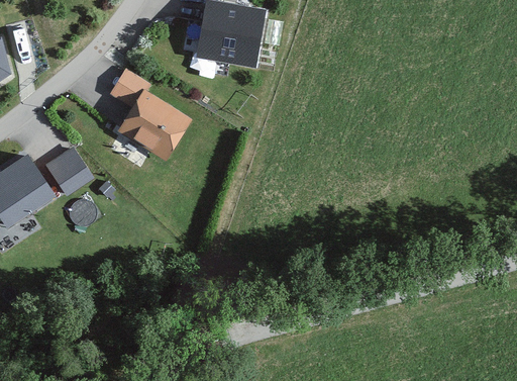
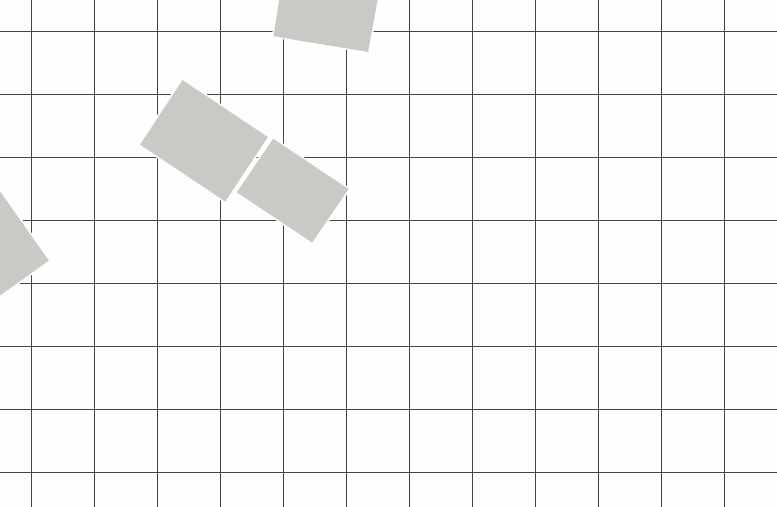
building: none -> [236,137,350,244]
building: [44,144,94,195] -> none

